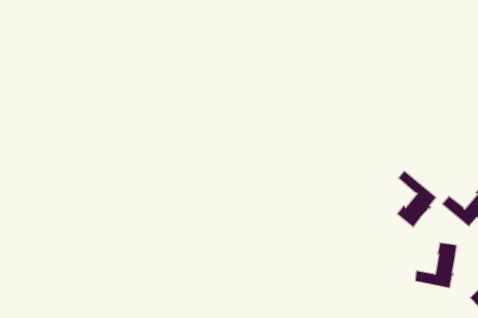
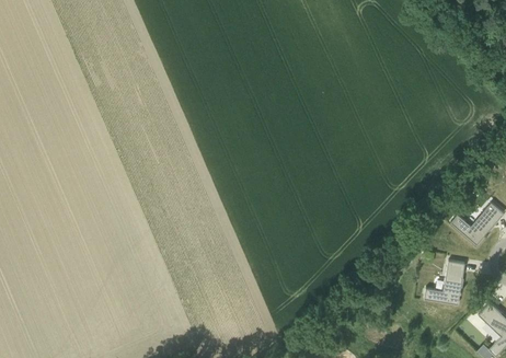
building: [397,171,436,227] -> none

